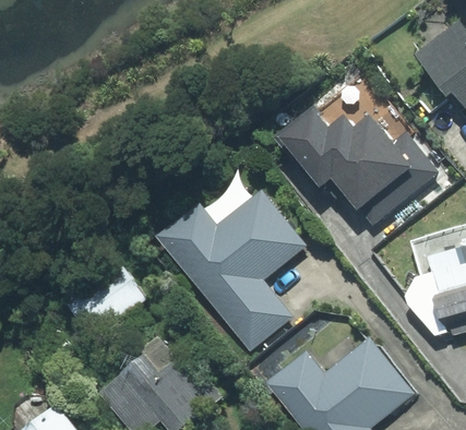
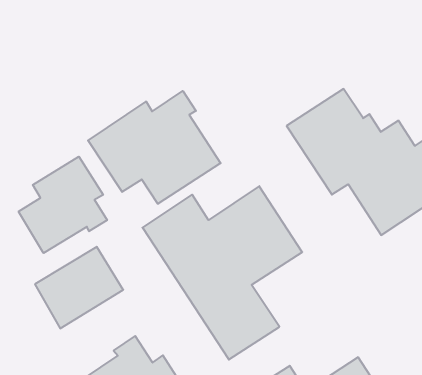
building: none -> [88,91,221,204]
building: none -> [19,157,107,253]

